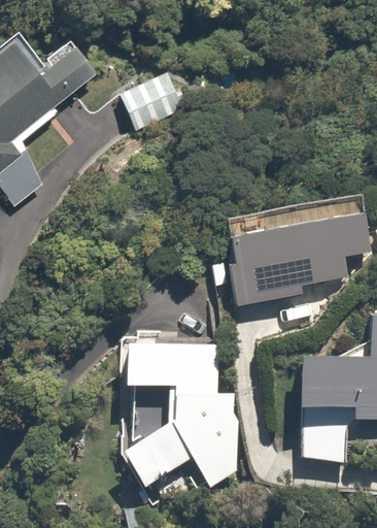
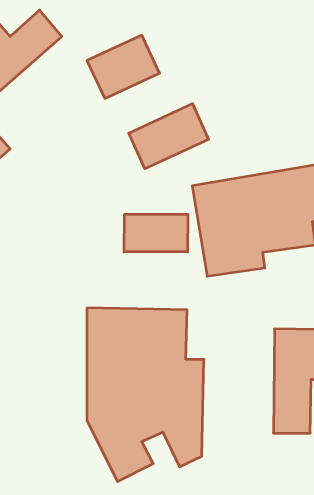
building: none -> [129,104,209,169]
building: none -> [124,214,188,252]

